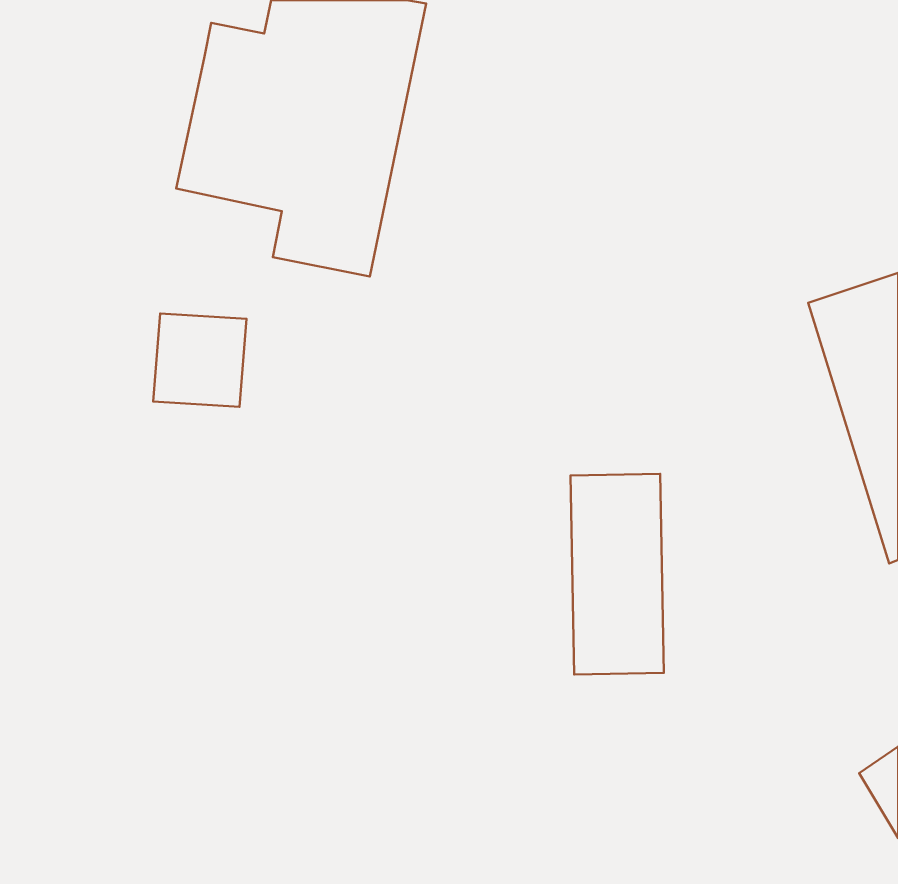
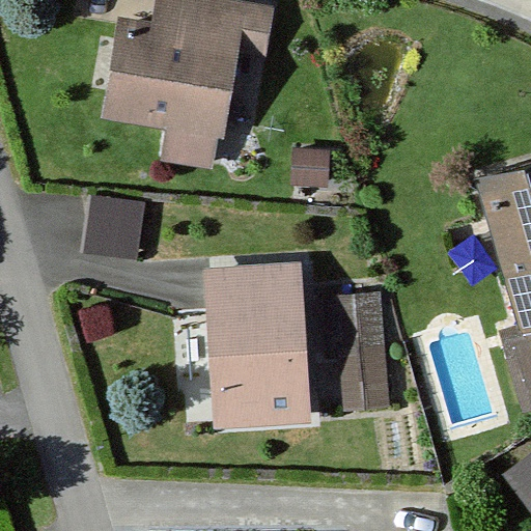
building: none -> [202,258,313,430]

